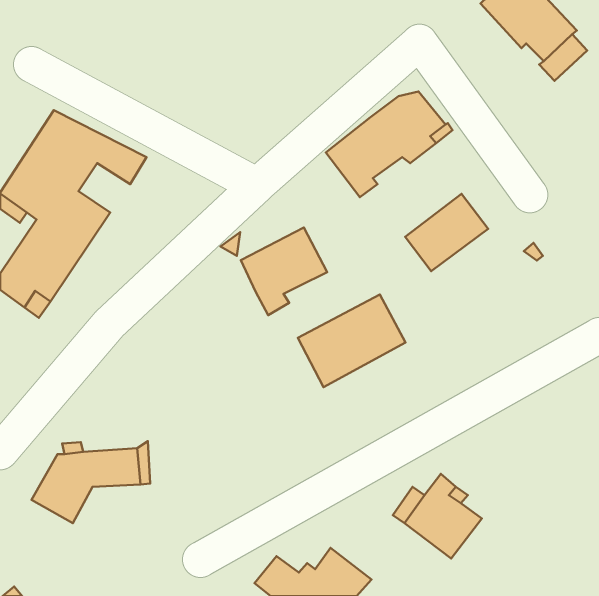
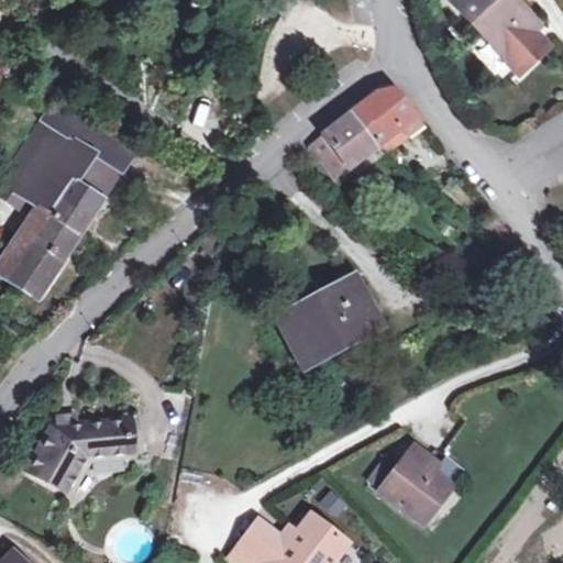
building: none -> [74,153,122,199]
building: [405,194,488,271] -> none
building: [241,228,327,315] -> none

